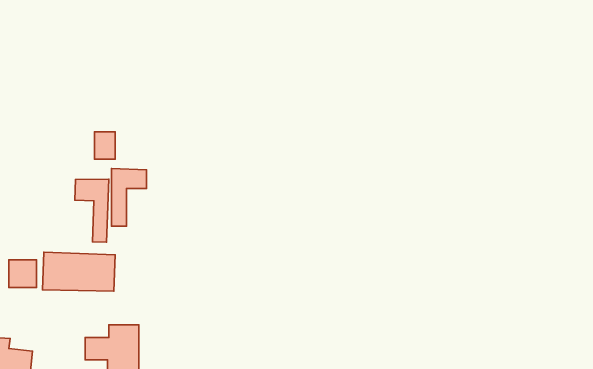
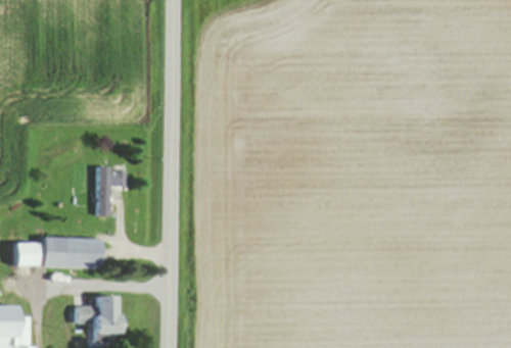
building: [94,132,115,159] -> none
building: [75,179,109,242] -> none

